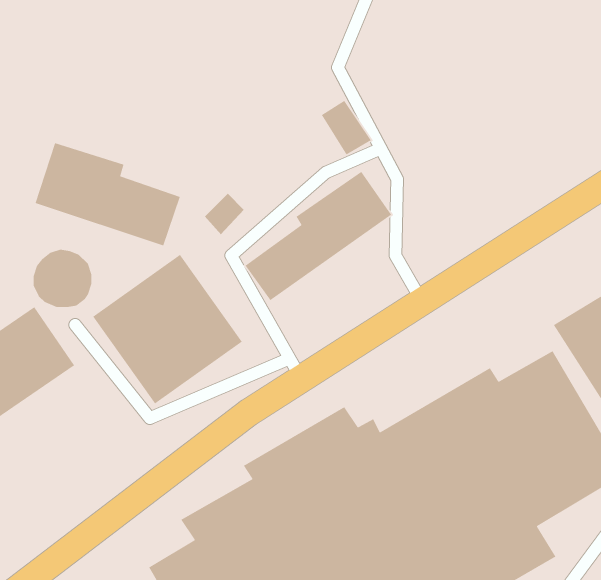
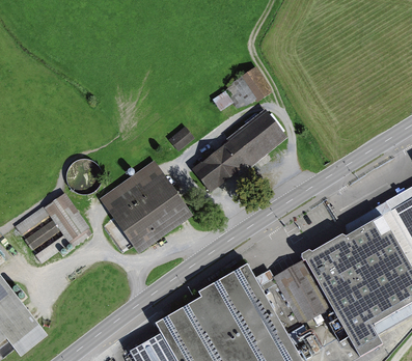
building: [35,142,181,246] -> none

